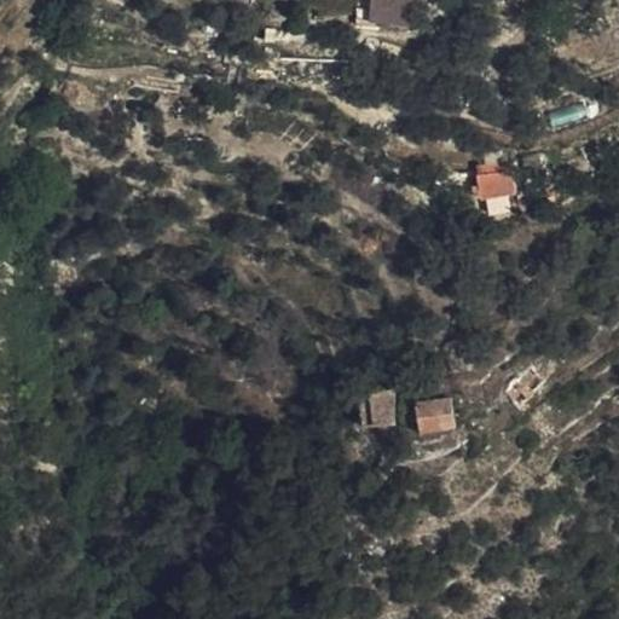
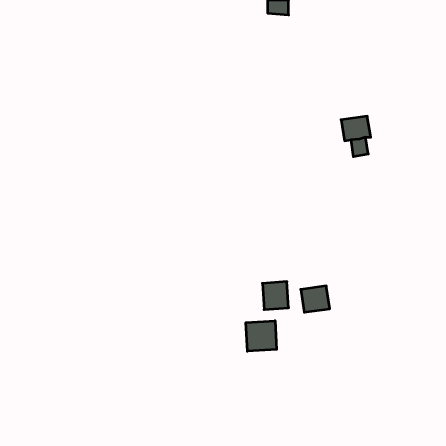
building: none -> [246,321,277,351]

